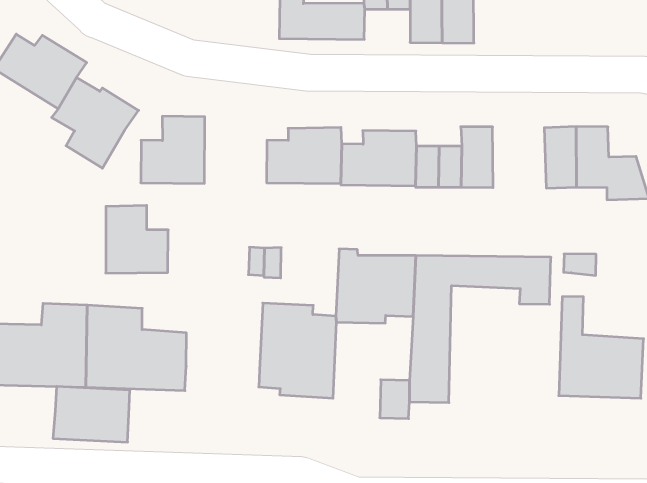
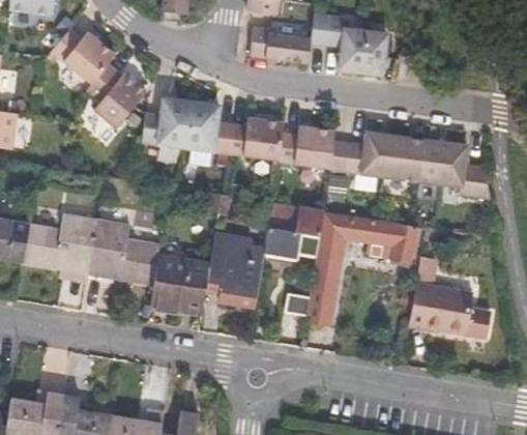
building: none -> [383,134,423,180]
building: [106,205,168,273] -> [186,100,233,151]
building: [53,386,130,442] -> [150,269,207,314]

